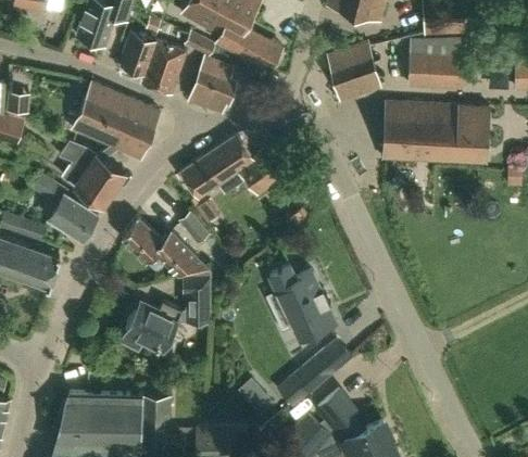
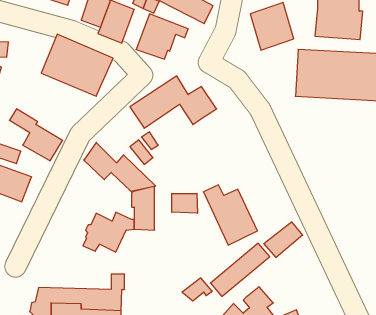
building: [60,141,124,203] -> none
building: none -> [172,193,197,213]
building: none -> [264,222,303,257]

